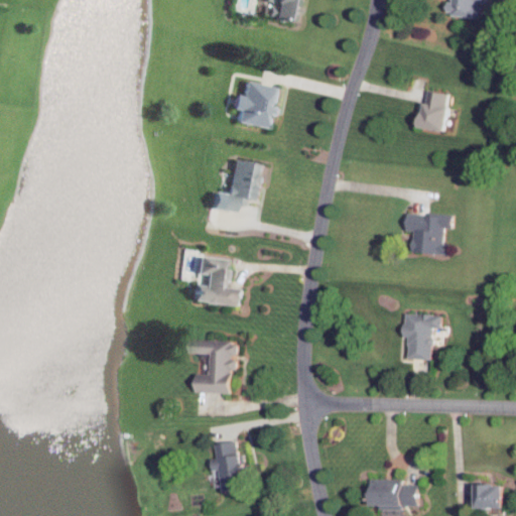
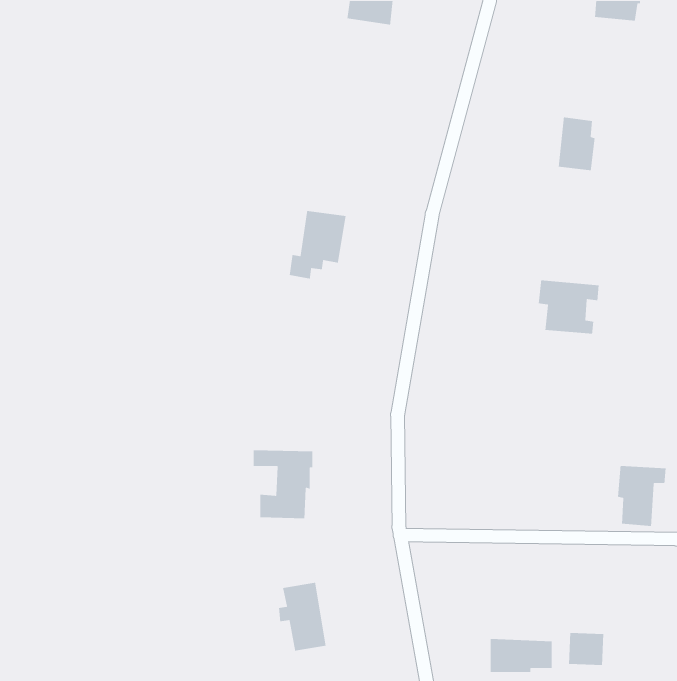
building: [231,81,276,129] -> none
building: [192,256,240,306] -> none
building: [402,313,439,360] -> [617,465,667,527]
building: [476,484,503,509] -> [568,632,604,666]

